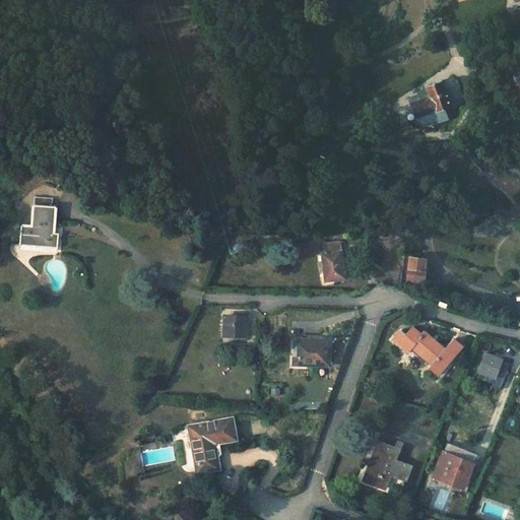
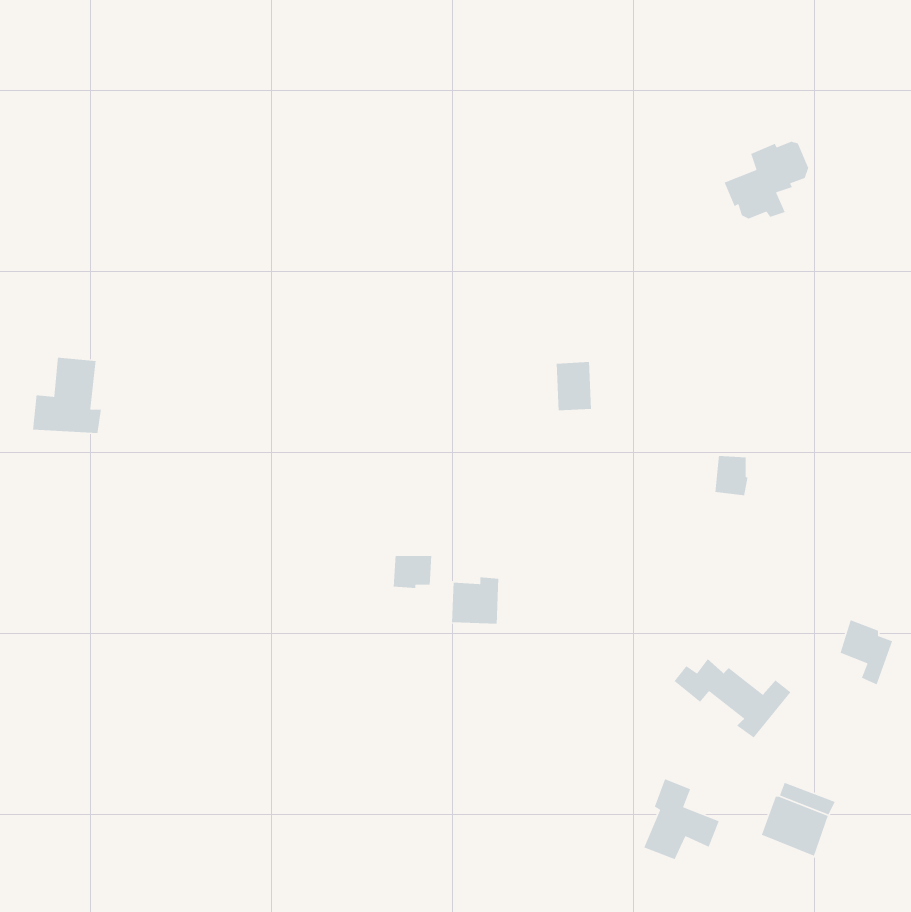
building: [325,251,345,279] -> [556,361,592,411]
building: [393,328,460,374] -> [674,658,791,738]
building: [302,340,329,368] -> [451,576,499,625]
building: [188,419,236,474] -> none

